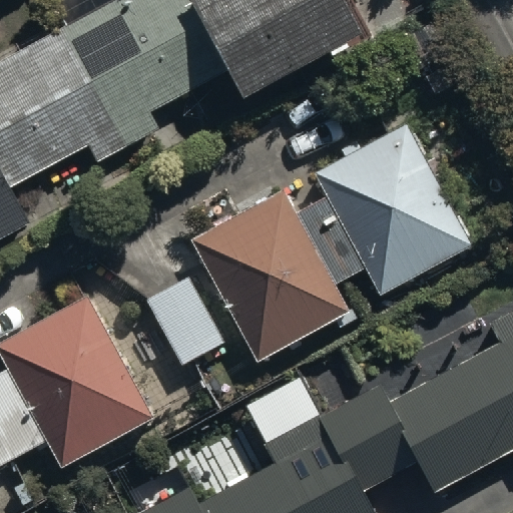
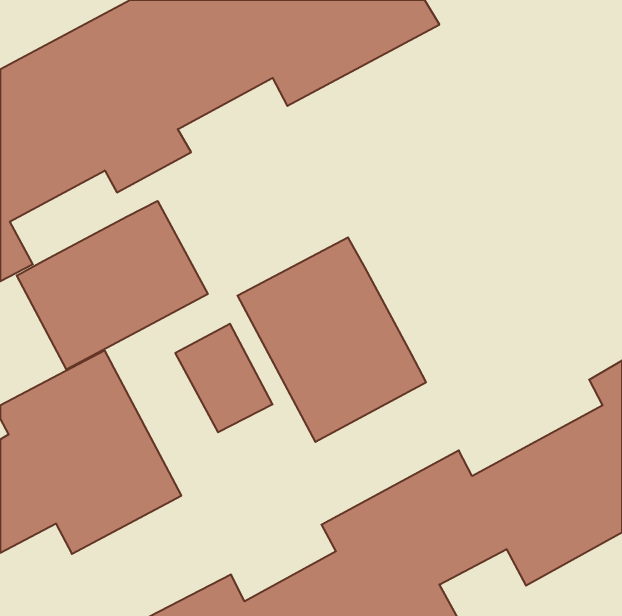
building: [301,133,476,306] -> none
building: none -> [17,201,208,370]

